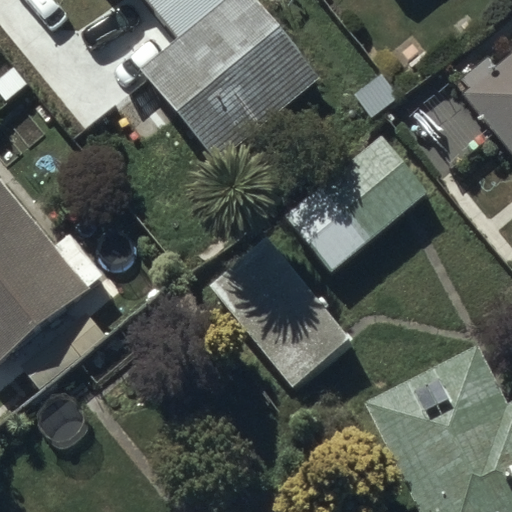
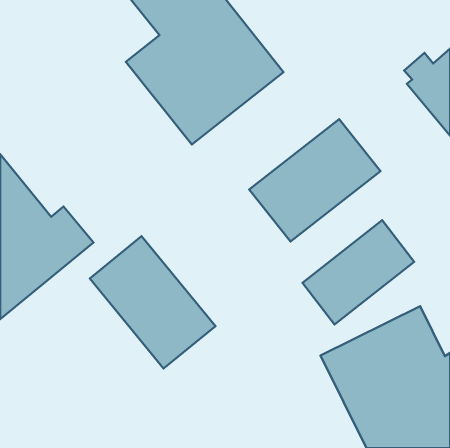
building: [208,236,351,386] -> [90,236,216,368]
building: none -> [302,220,414,325]

